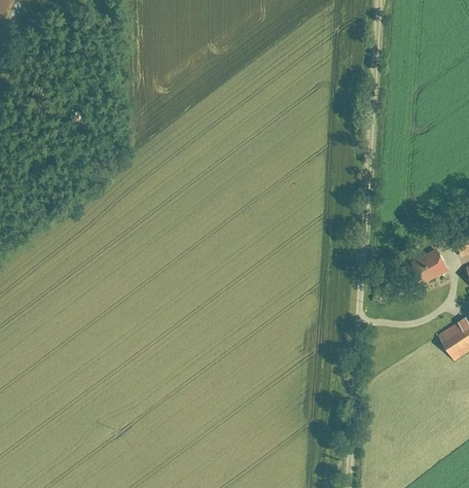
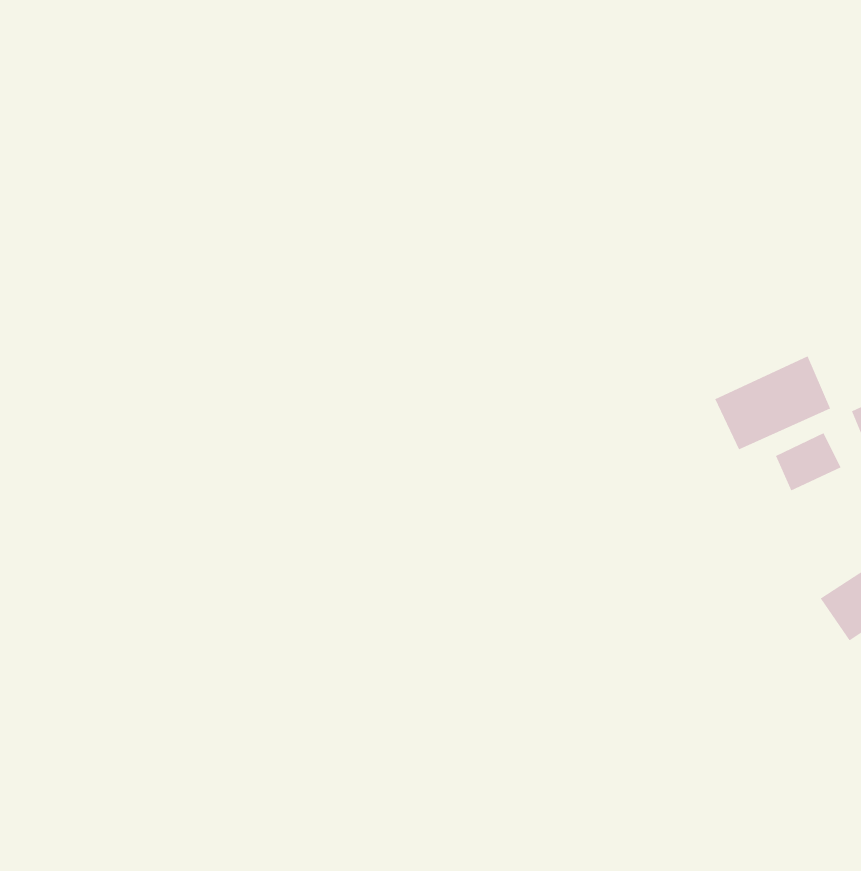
building: none -> [714,356,831,450]

